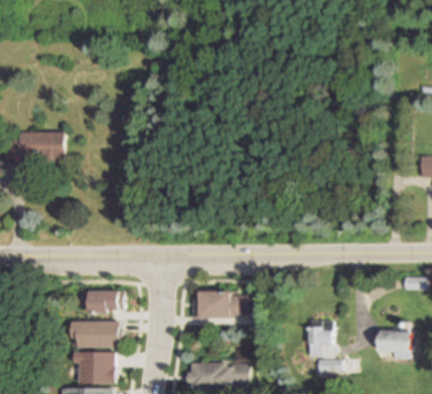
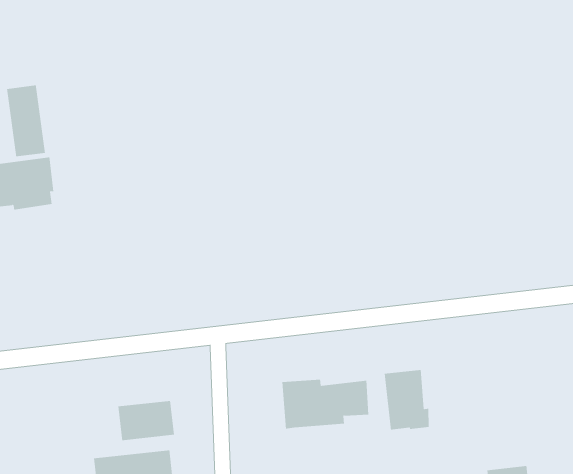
building: none -> [7,85,45,157]
building: [310,318,336,355] -> [384,369,430,430]

